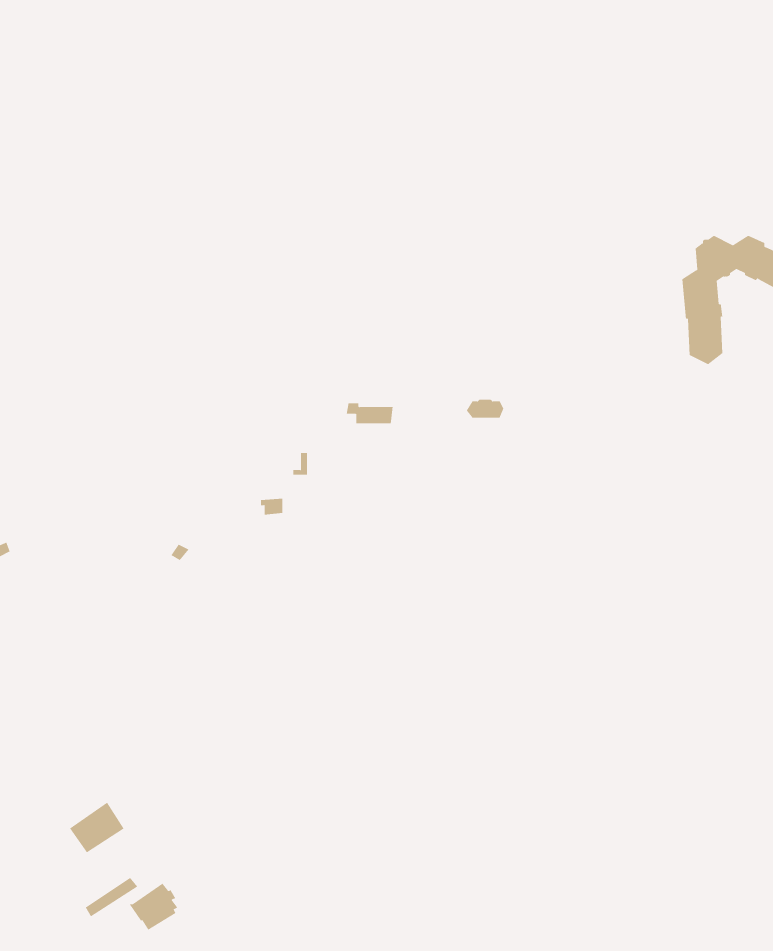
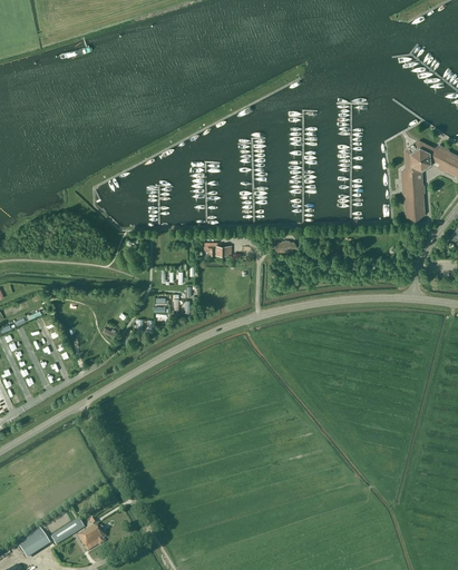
building: [69,802,125,853] -> [17,528,49,558]

